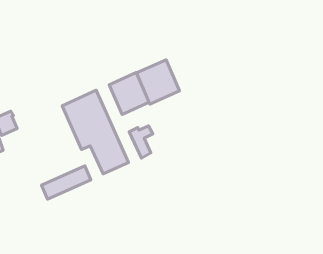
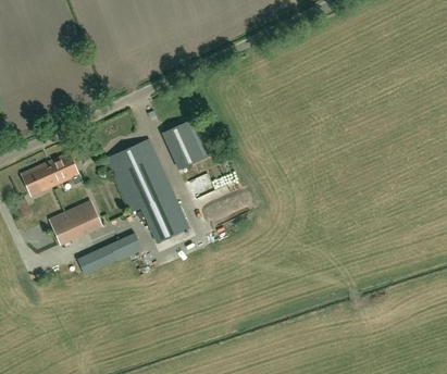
building: [137,60,180,104] -> none
building: none -> [41,152,80,186]
building: none -> [47,200,101,246]

